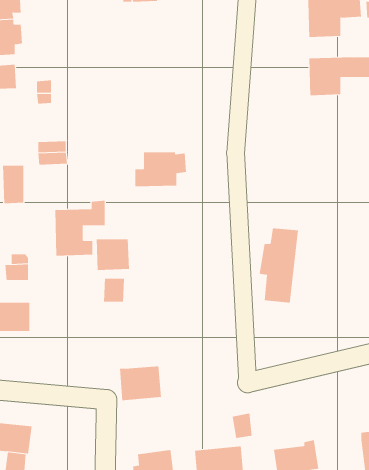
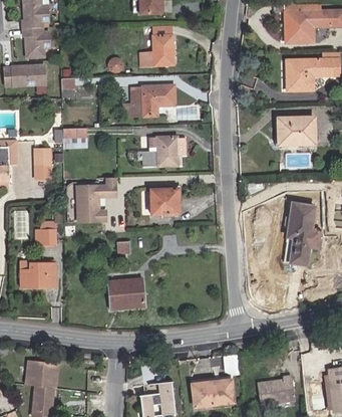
building: none -> [141,35,174,62]
building: none -> [123,84,175,117]
building: none -> [279,117,317,144]
building: [259,228,299,303] -> [285,200,318,262]
building: [96,239,130,270] -> [149,187,178,213]
building: [119,366,162,401] -> [109,278,144,307]

